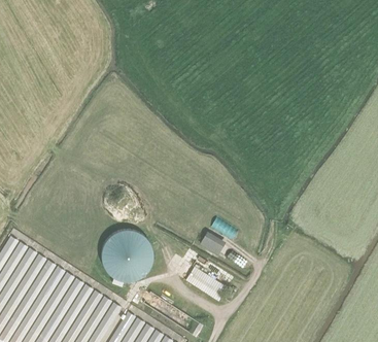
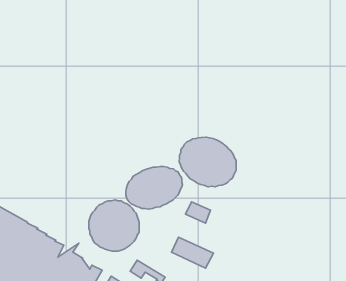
building: none -> [179,137,236,187]
building: none -> [126,166,183,209]

